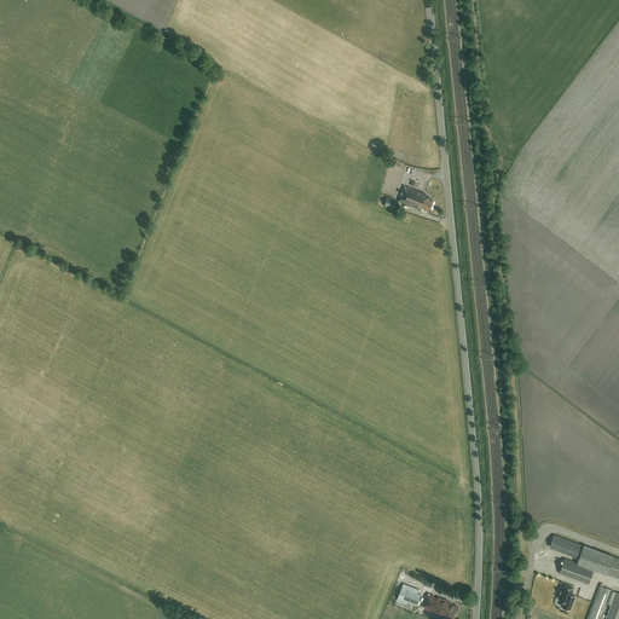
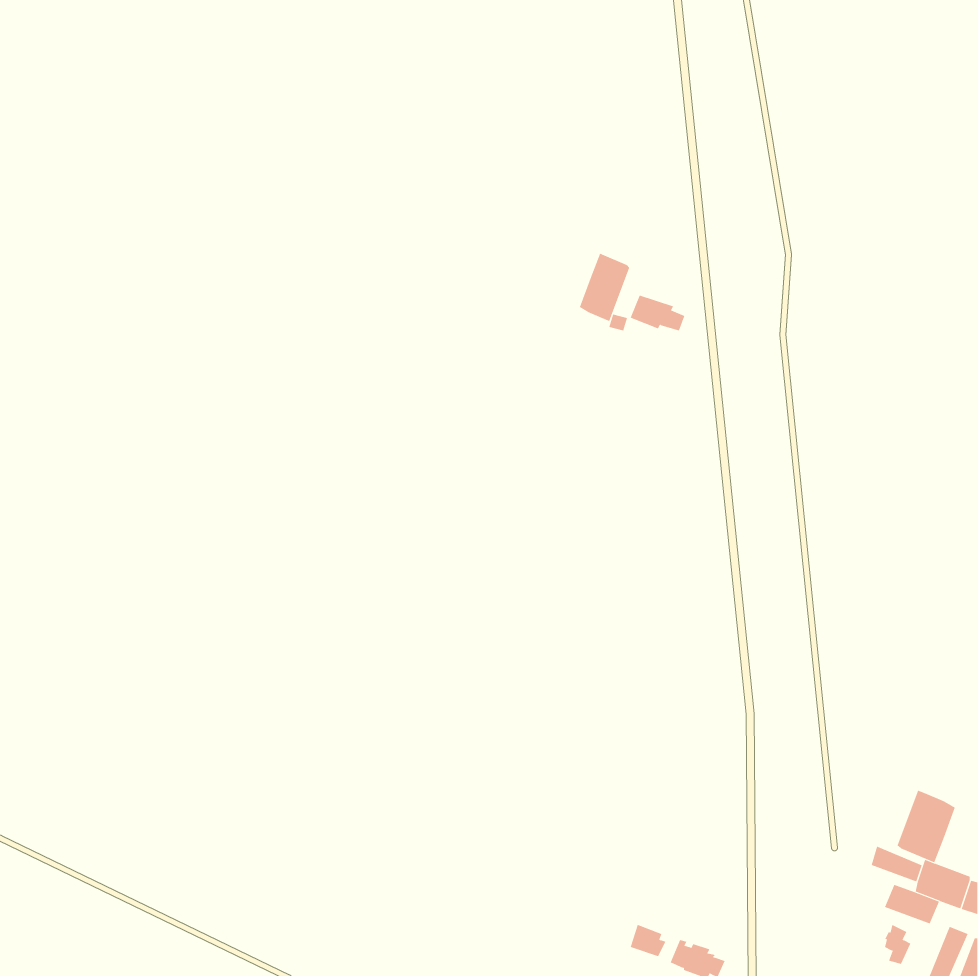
building: none -> [579,253,630,322]
building: none -> [897,790,956,863]

